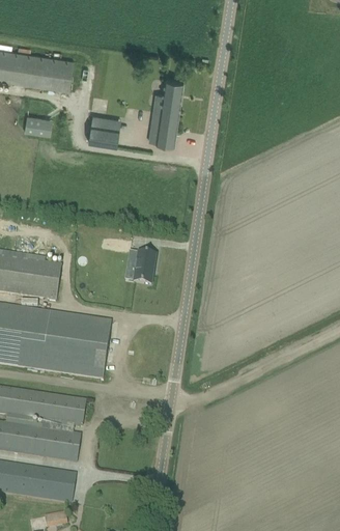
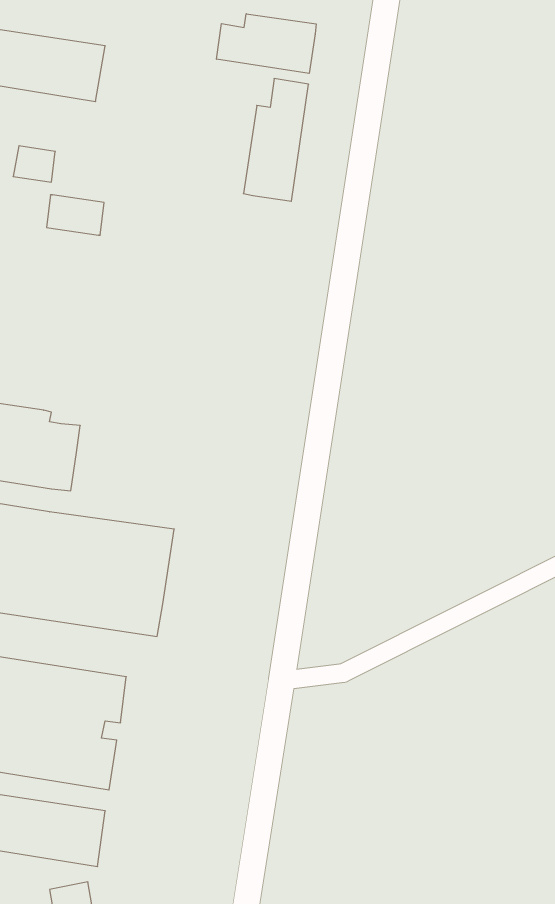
building: none -> [217,14,316,73]
building: [88,121,119,143] -> [47,195,104,235]
building: [133,251,154,284] -> none

